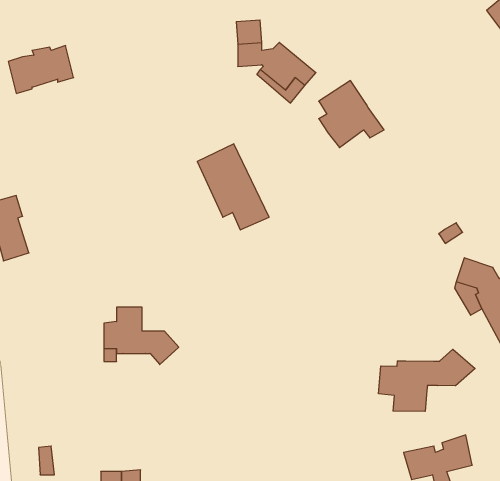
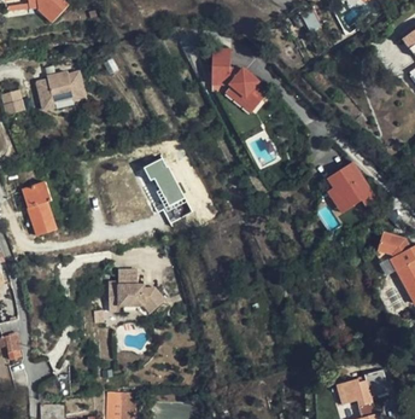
building: [319,81,384,148] -> [326,161,375,211]
building: [197,144,269,230] -> [139,156,193,221]
building: [379,349,475,411] -> none

